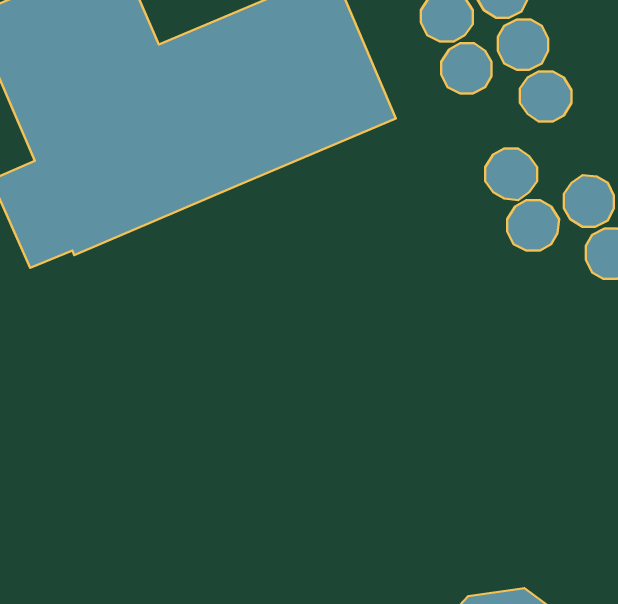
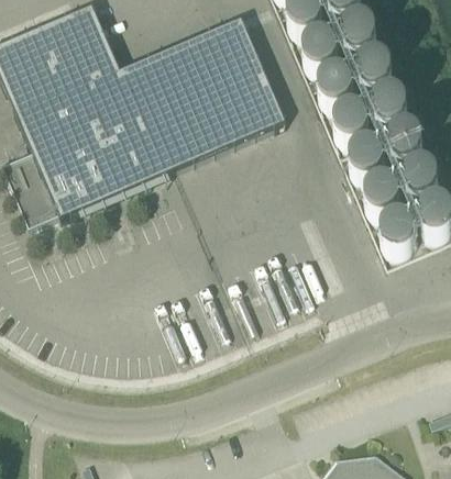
building: none -> [332,103,369,138]
building: none -> [387,124,424,159]
building: none -> [380,212,416,247]

